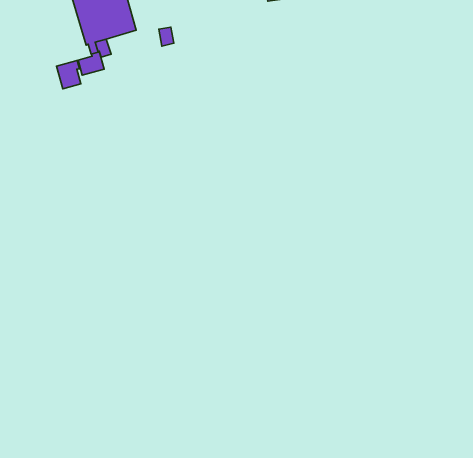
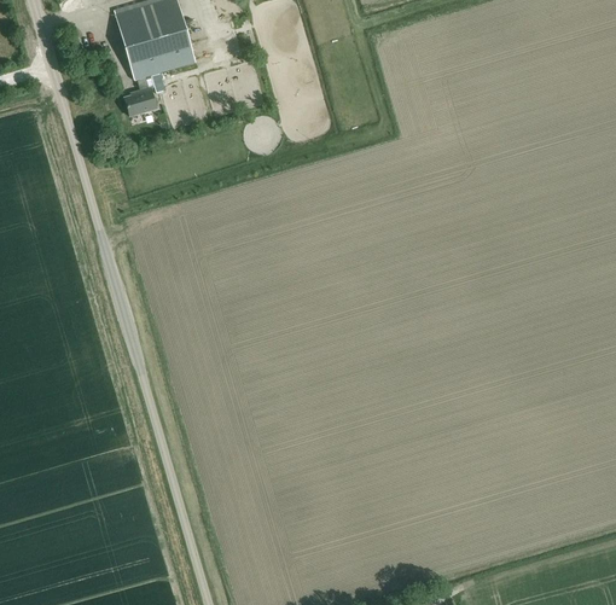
building: [56,60,81,89] -> none

